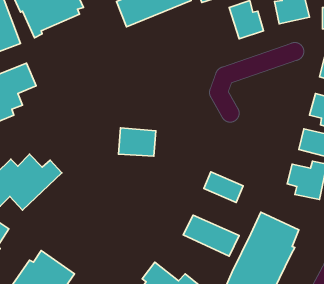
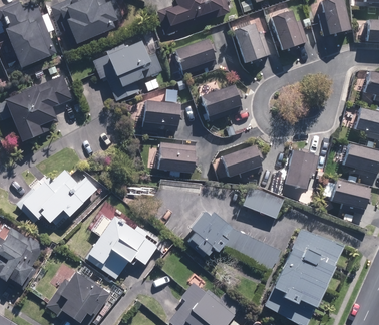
building: none -> [233,24,277,64]
building: none -> [94,27,163,100]
building: none -> [171,40,213,72]
building: none -> [201,84,240,115]
building: none -> [142,89,178,131]
building: none -> [220,144,260,176]
building: none -> [272,151,318,195]
building: none -> [188,212,228,257]
building: none -> [88,219,158,277]

